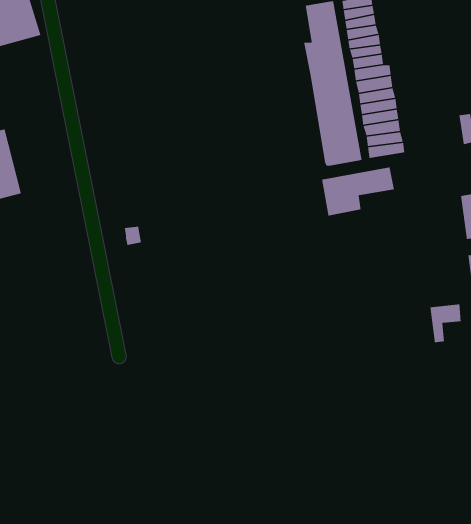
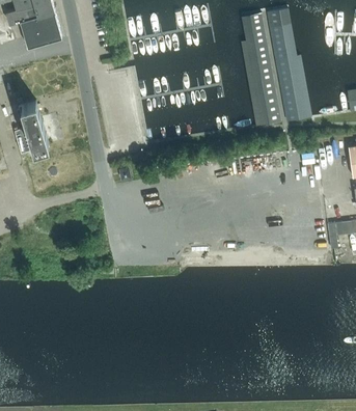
building: [321,167,395,216] -> none

